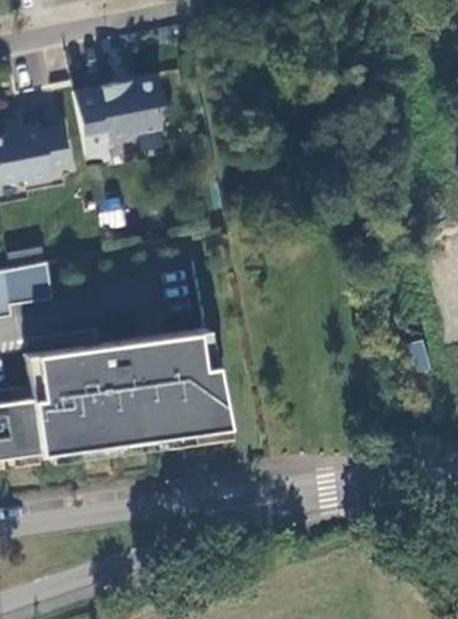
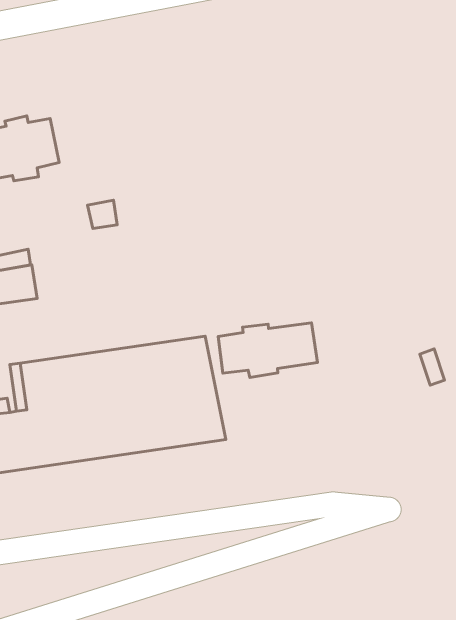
building: [75,75,163,166] -> none
building: none -> [218,323,317,377]

